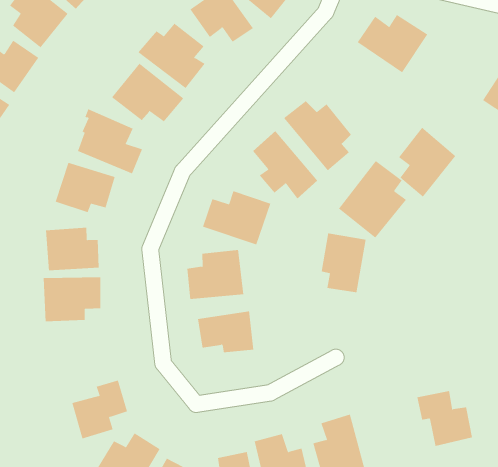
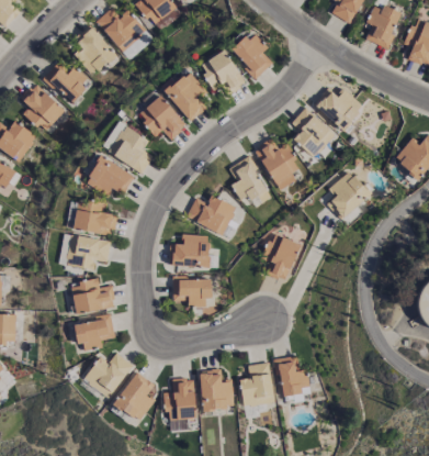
building: none -> [292,108,335,157]
building: [338,160,407,238] -> none
building: none -> [71,281,115,314]
building: [416,391,473,446] -> [274,357,309,394]

